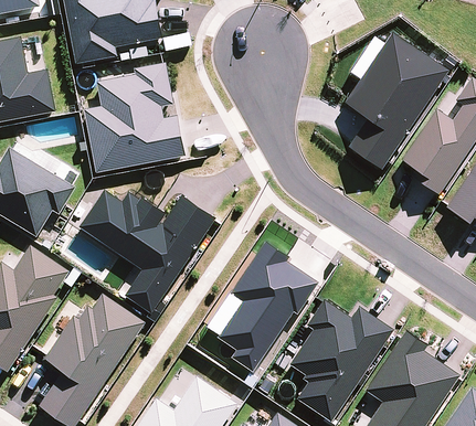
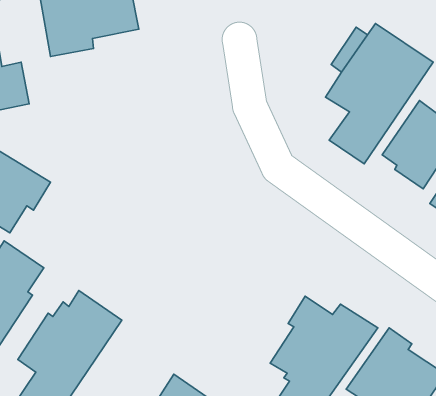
building: [84,63,184,173] -> none
building: [80,190,216,313] -> none
building: [216,241,318,372] -> none

